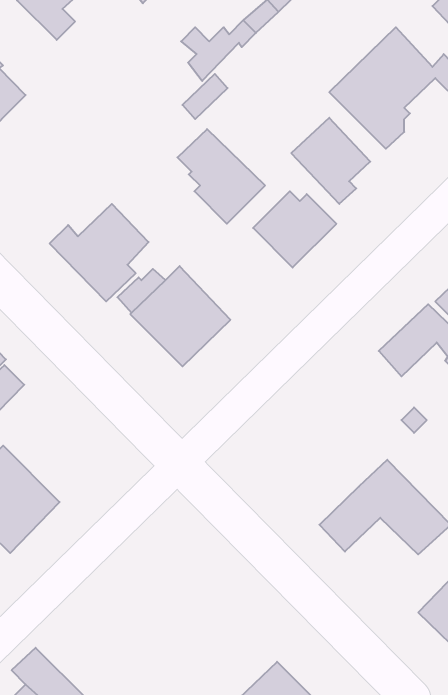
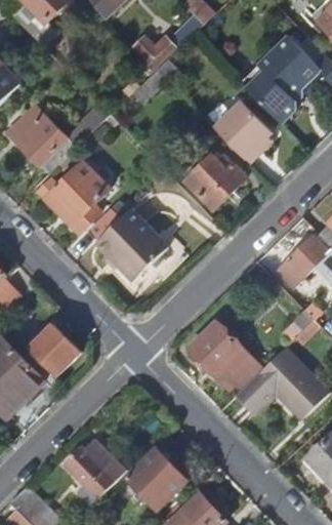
building: [177,129,265,224] -> [12,105,76,173]
building: none -> [188,321,261,395]
building: none -> [29,323,82,375]
building: none -> [65,440,126,504]
building: none -> [129,449,183,509]

